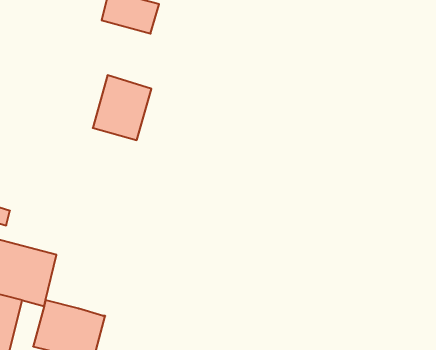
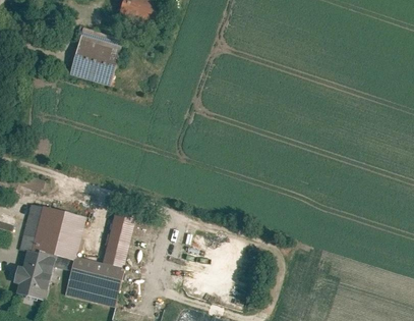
building: [93,75,151,140] -> [71,31,120,85]
building: none -> [102,213,135,268]

